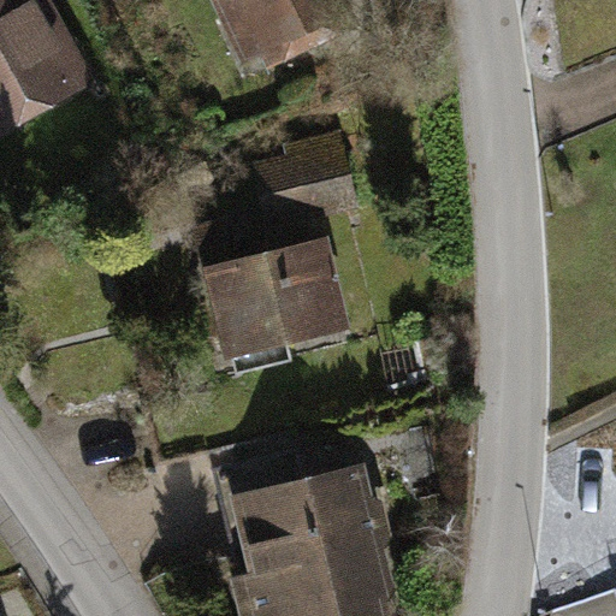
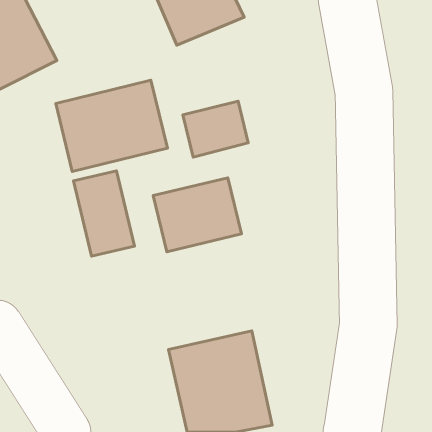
building: none -> [56,80,167,172]
building: none -> [73,171,135,256]

